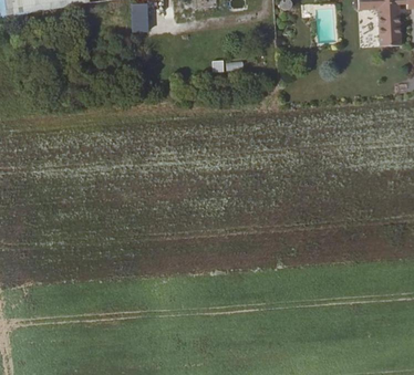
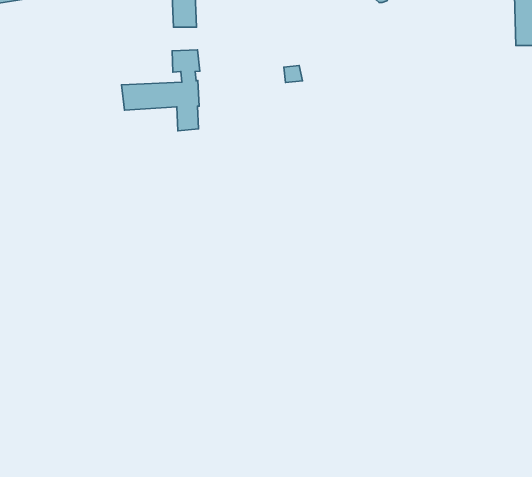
building: none -> [122,50,200,131]

